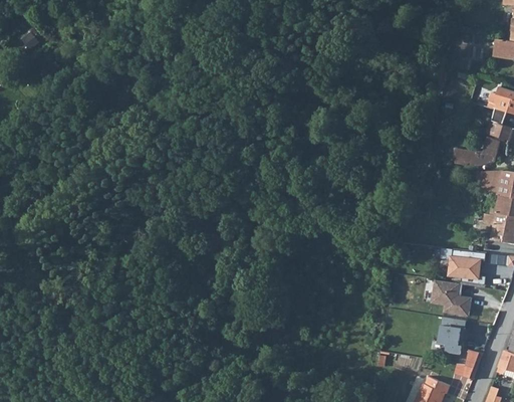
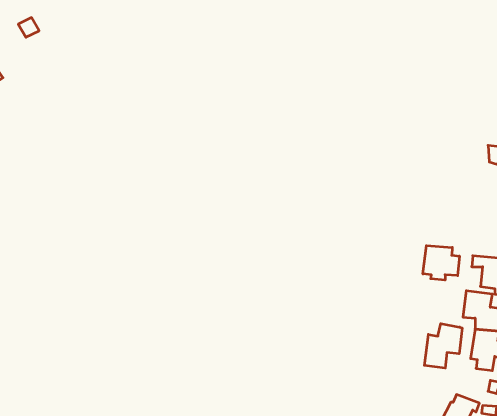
building: none -> [423,246,459,280]
building: none -> [424,324,462,368]

